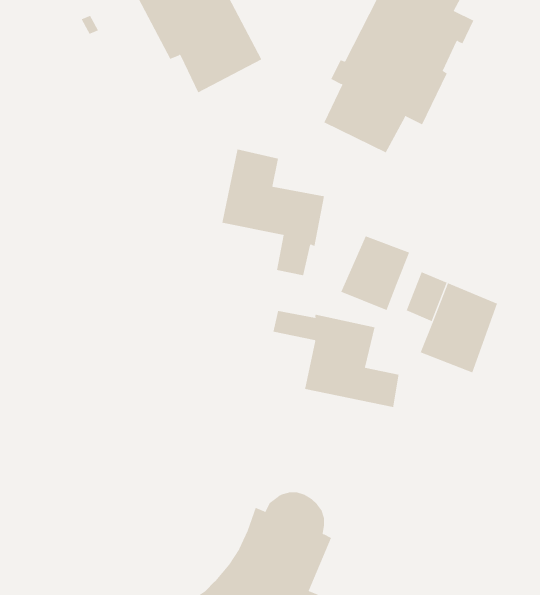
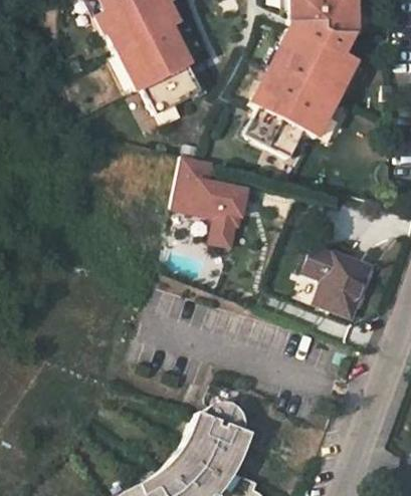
building: [341,235,410,311] -> none
building: [273,310,399,408] -> none

